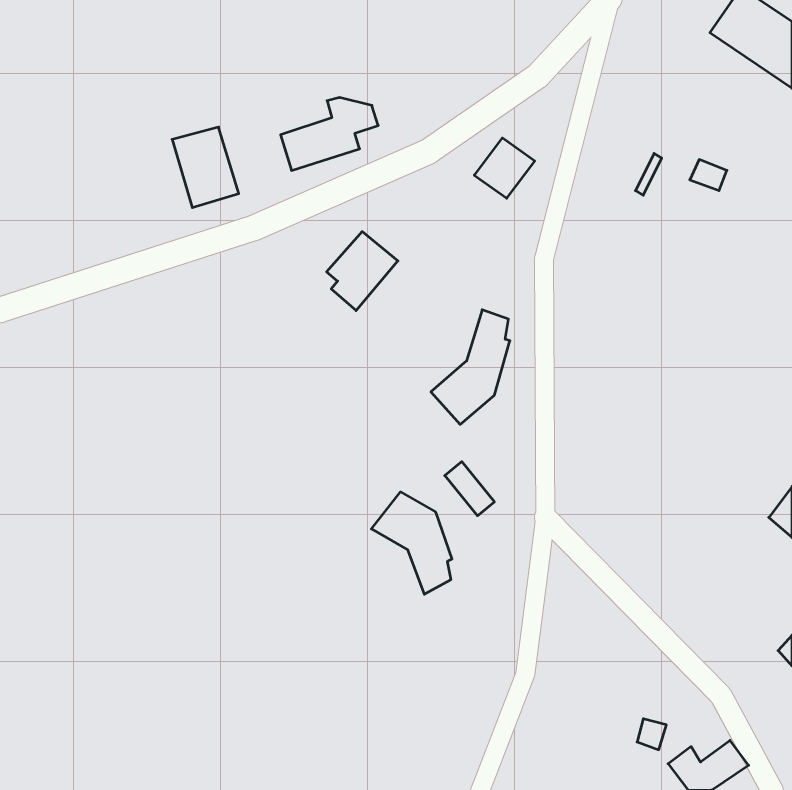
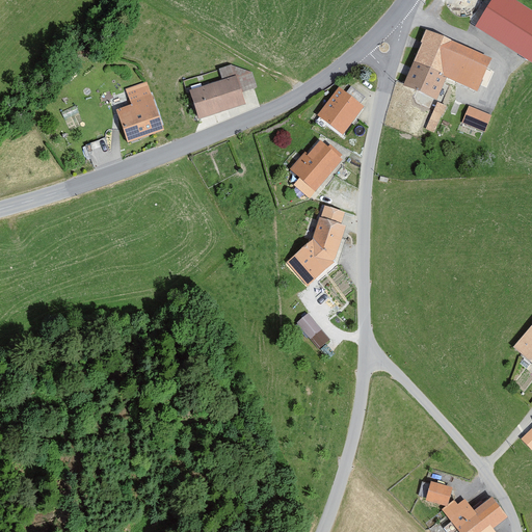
building: none -> [404,31,487,96]
building: [327,232,398,311] -> [292,144,340,197]
building: [371,492,452,594] -> none

